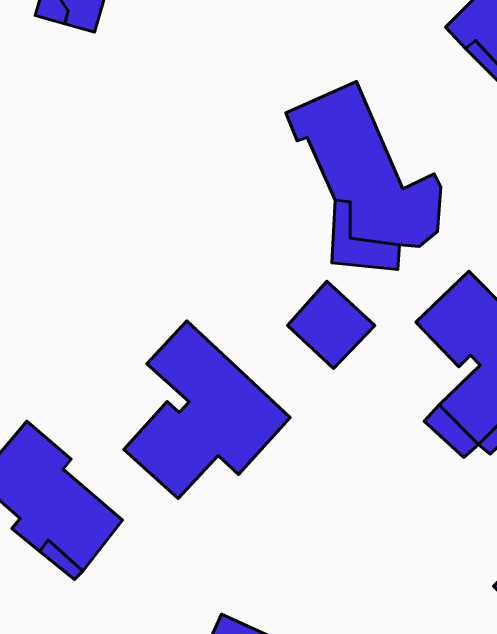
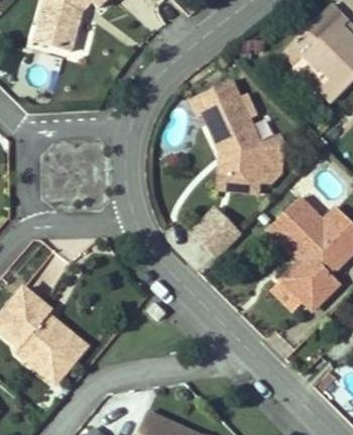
building: [124,321,290,498] -> none

